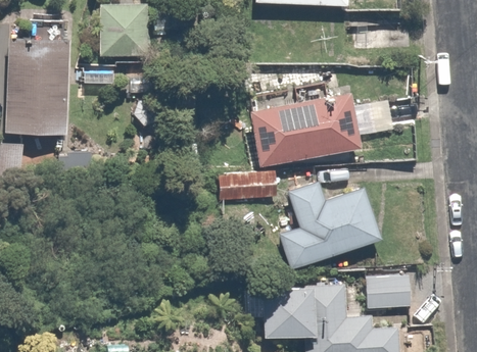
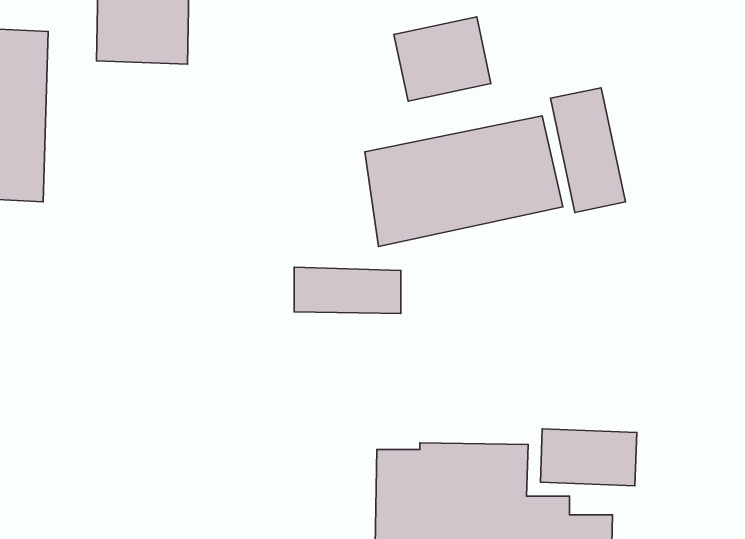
building: none -> [394,17,491,101]
building: none -> [550,88,626,212]
building: [259,182,392,276] -> none

